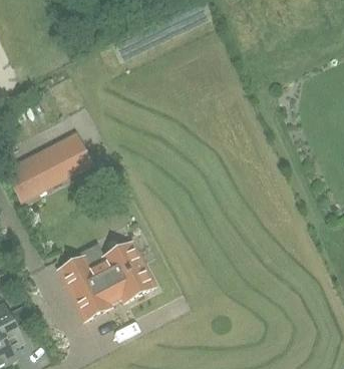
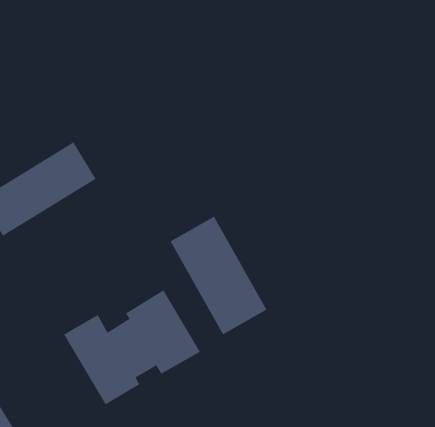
building: none -> [170,216,267,335]

